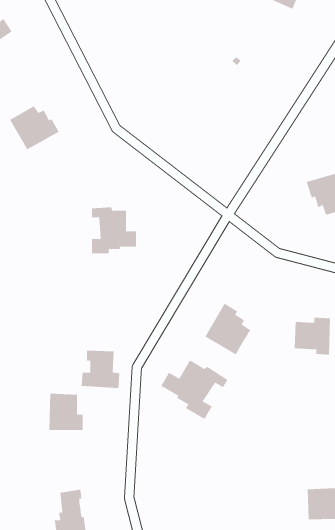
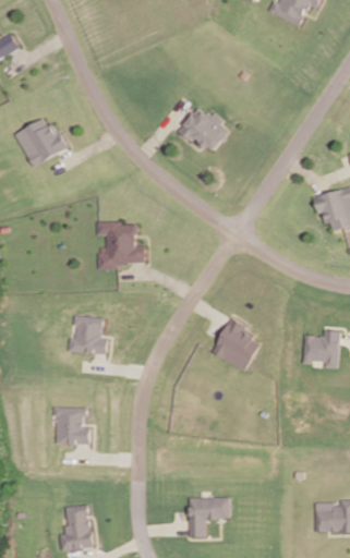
building: none -> [178,108,228,150]
building: [81,350,120,388] -> [68,317,107,355]
building: [160,359,228,420] -> none
building: none -> [189,497,228,535]

